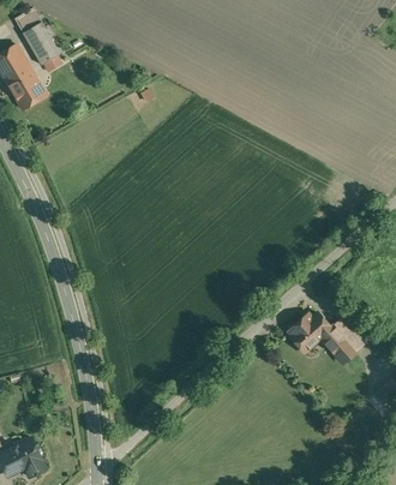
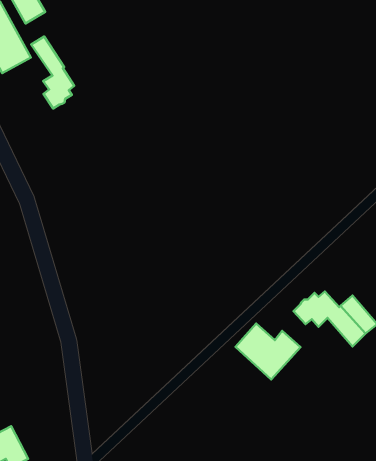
building: none -> [31,37,74,108]
building: none -> [235,324,301,379]

